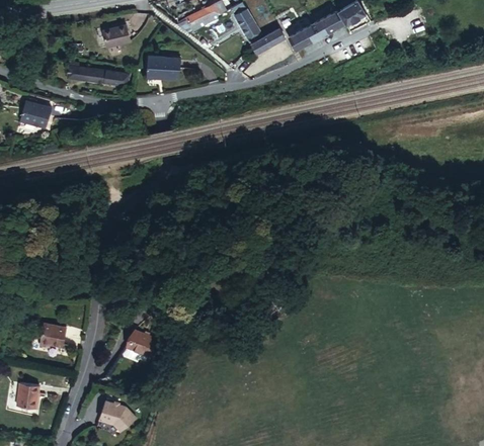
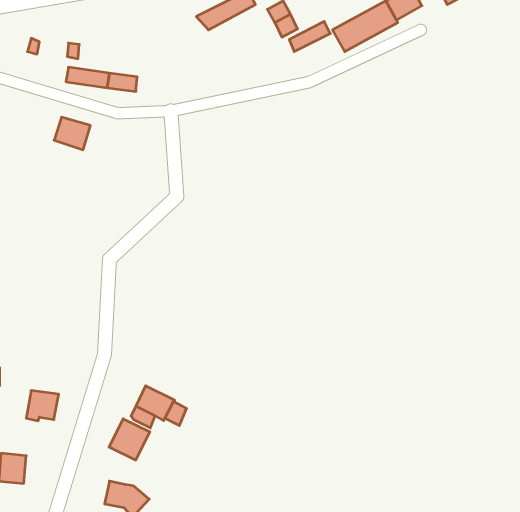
building: [100,23,130,49] -> none
building: [146,56,178,79] -> none
building: [20,99,51,126] -> [54,117,90,150]
building: none -> [109,419,150,460]

